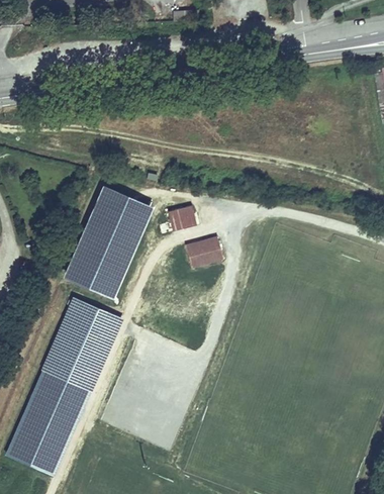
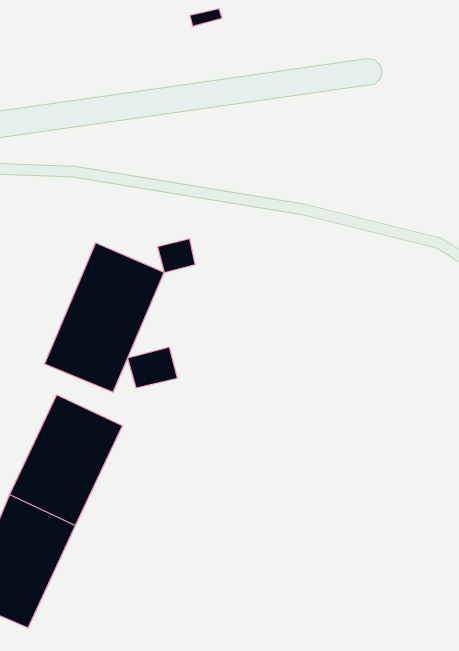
building: [168,206,196,231] -> [157,239,195,272]
building: [185,237,222,268] -> [128,347,177,388]

